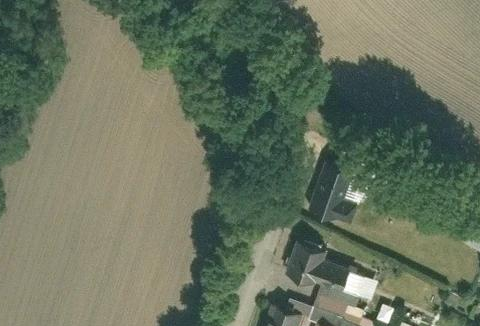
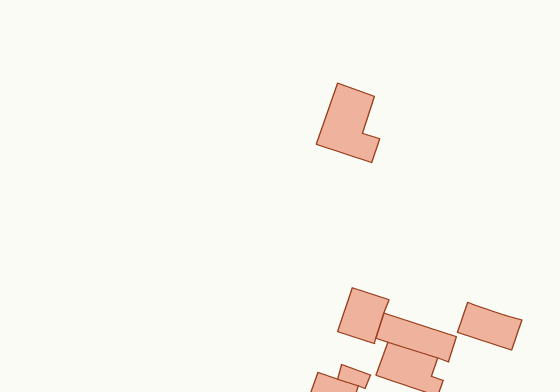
building: [308,161,356,221] -> [316,83,380,163]
building: none -> [457,302,522,350]

